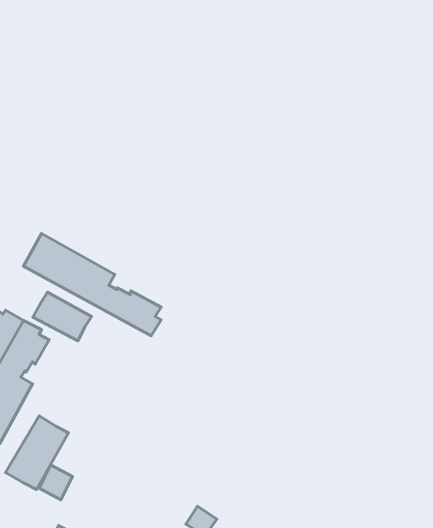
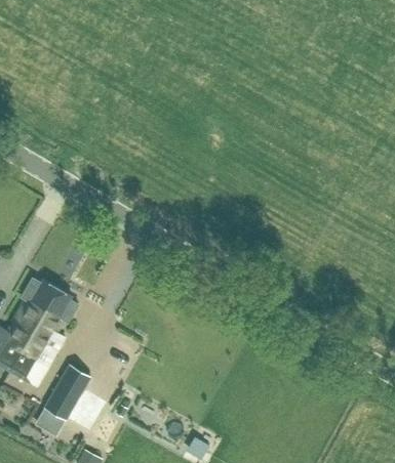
building: [23,234,161,336] -> none
building: [33,292,91,341] -> none

